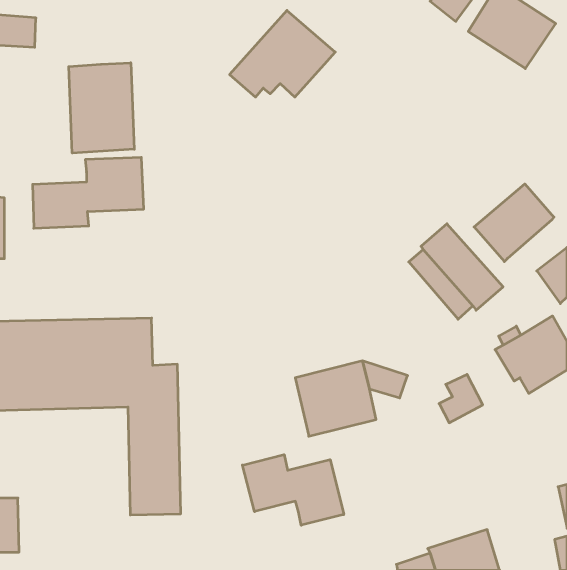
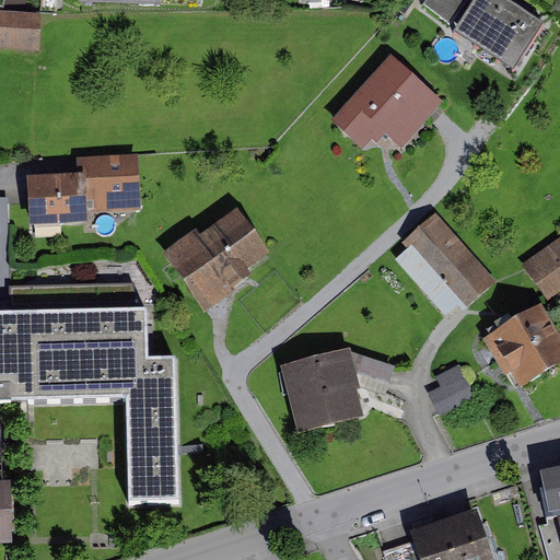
building: [230,10,335,97] -> [334,57,436,141]
building: [69,63,134,153] -> none
building: [474,184,554,262] -> none
building: none -> [170,211,268,303]
building: [242,455,344,525] -> none

